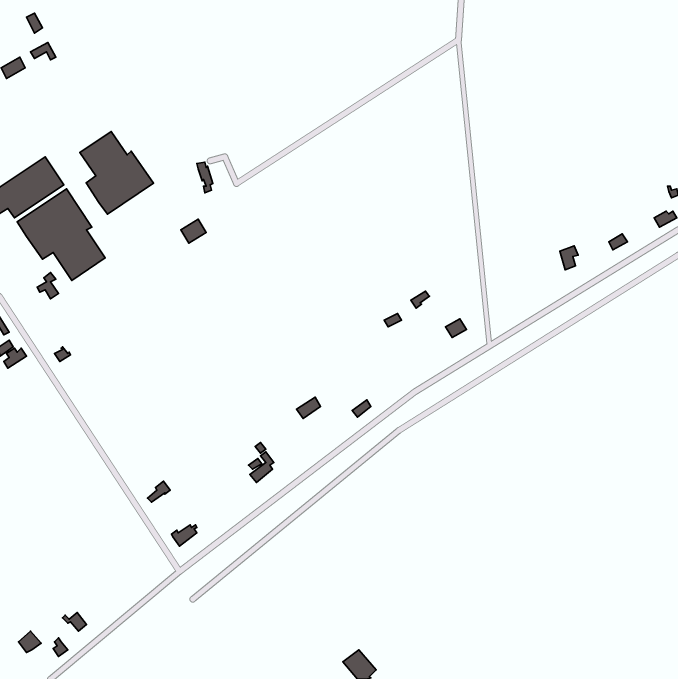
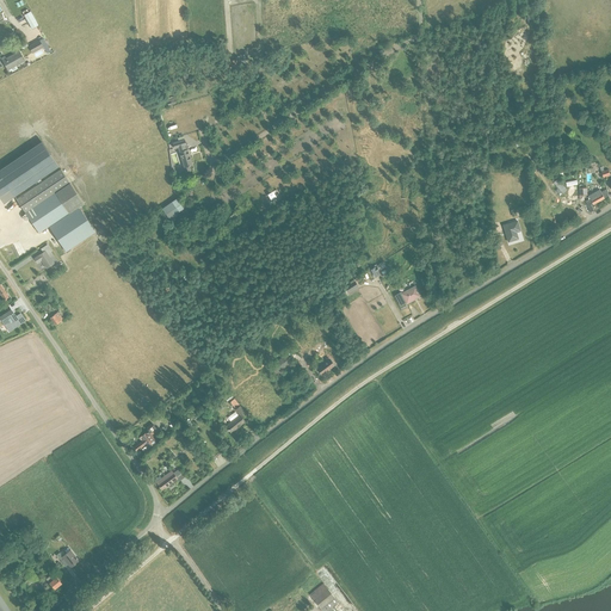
building: [80,132,154,214] -> none

